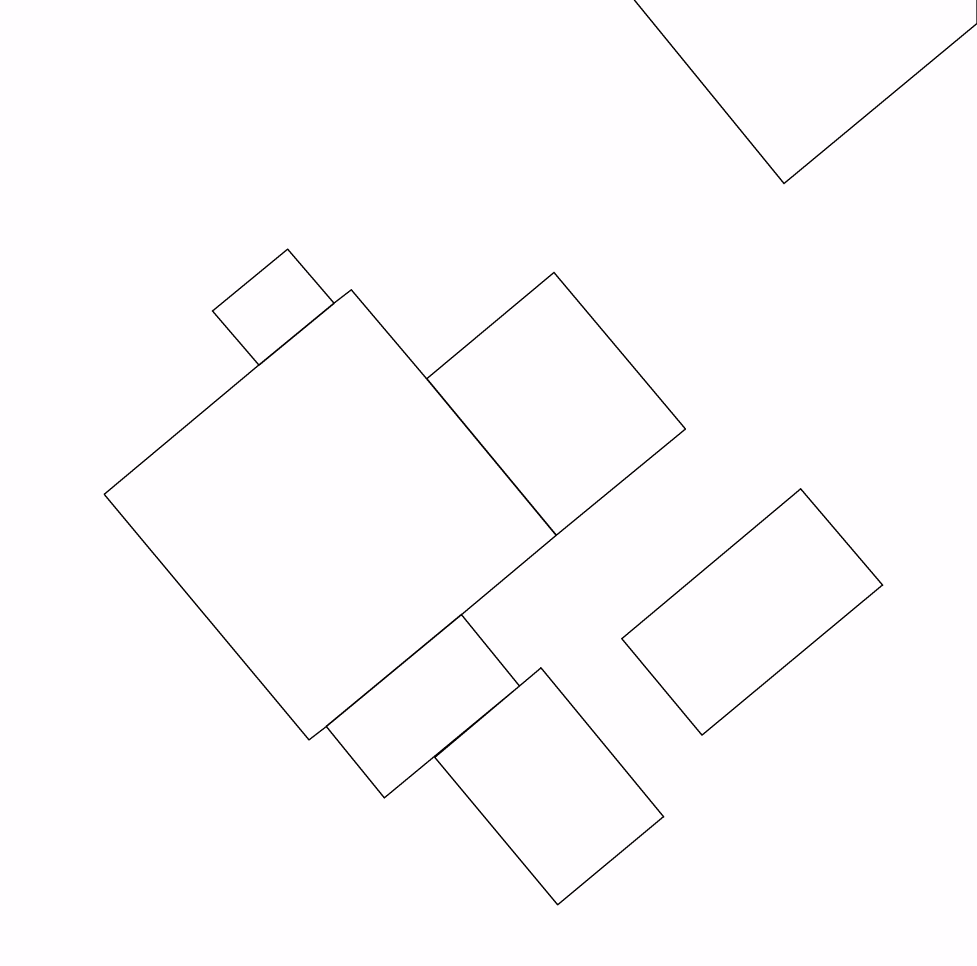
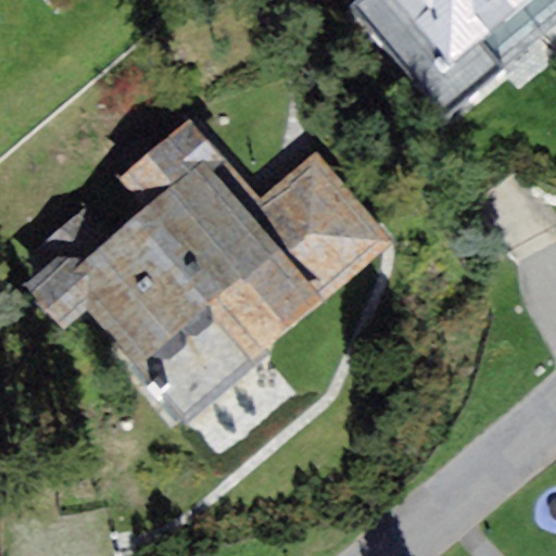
building: [622,489,883,735] -> none
building: [435,668,664,905] -> none

